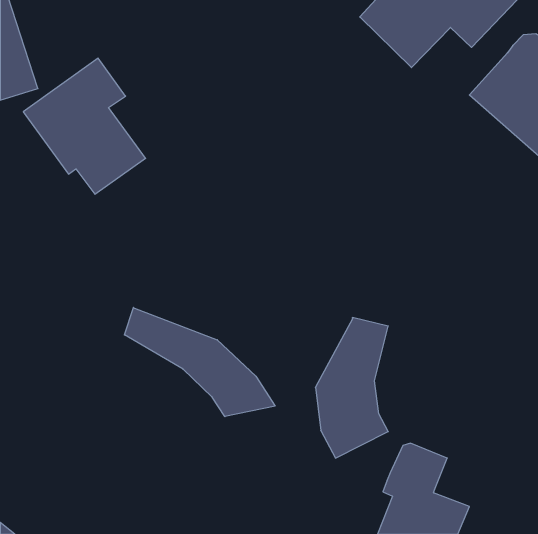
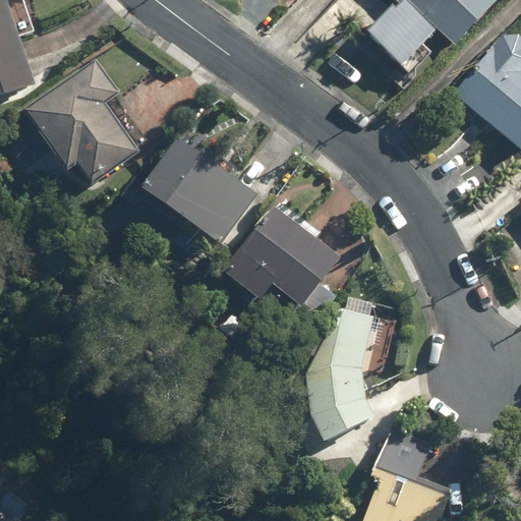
building: none -> [140,136,258,246]
building: none -> [222,205,342,308]
building: [124,307,275,417] -> none

